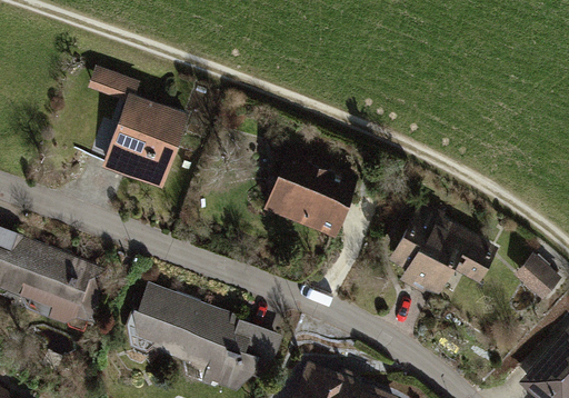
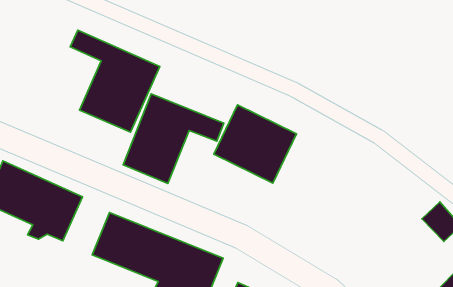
building: none -> [123,94,224,183]
building: [386,202,495,299] -> none

